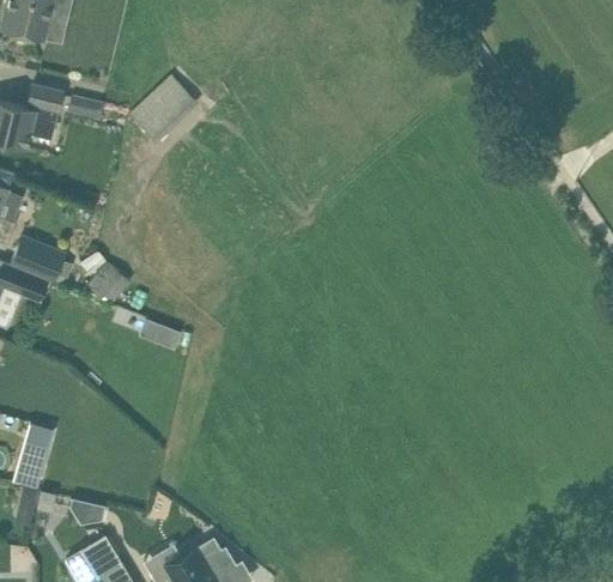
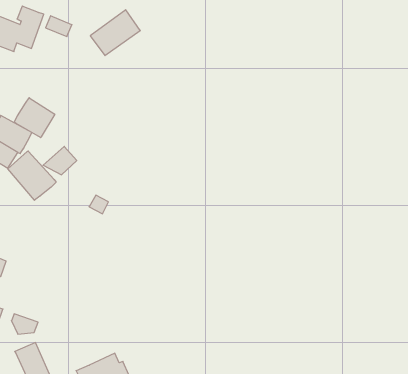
building: none -> [14,98,55,138]
building: none -> [8,151,56,200]

